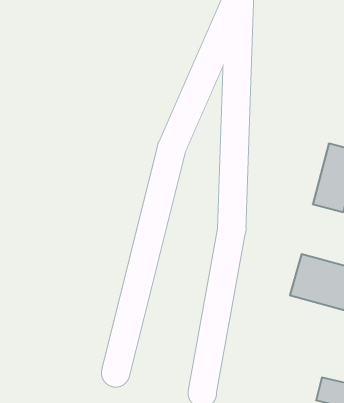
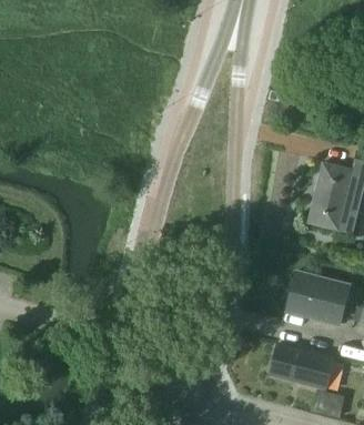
building: none -> [271,343,333,388]

